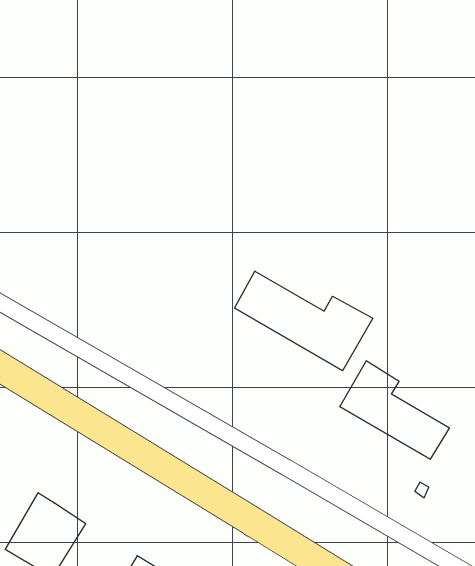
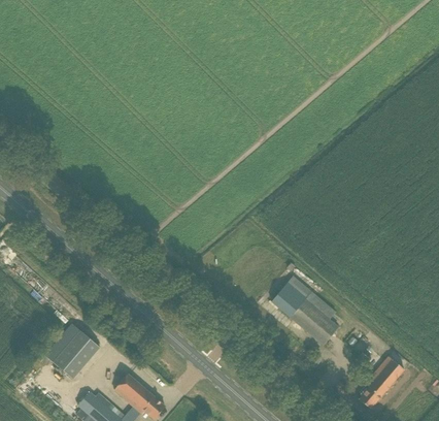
building: [235,271,373,371] -> none

